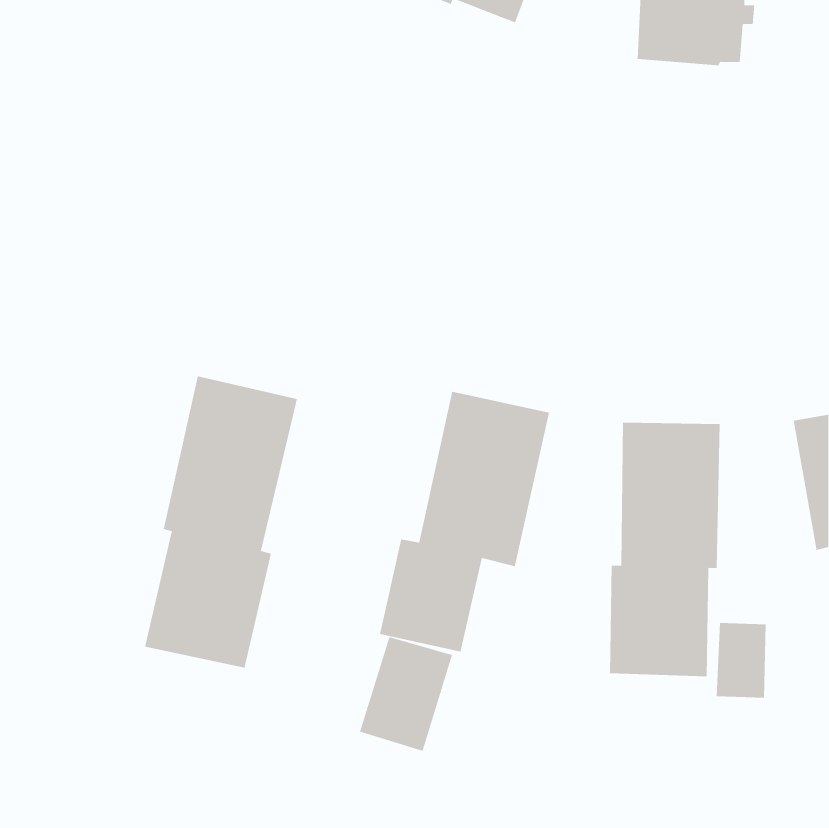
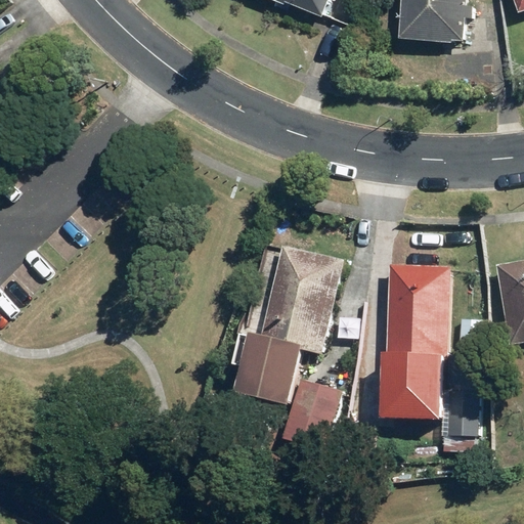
building: [145,375,297,669] -> none
building: [359,637,453,752] -> [282,376,341,447]

